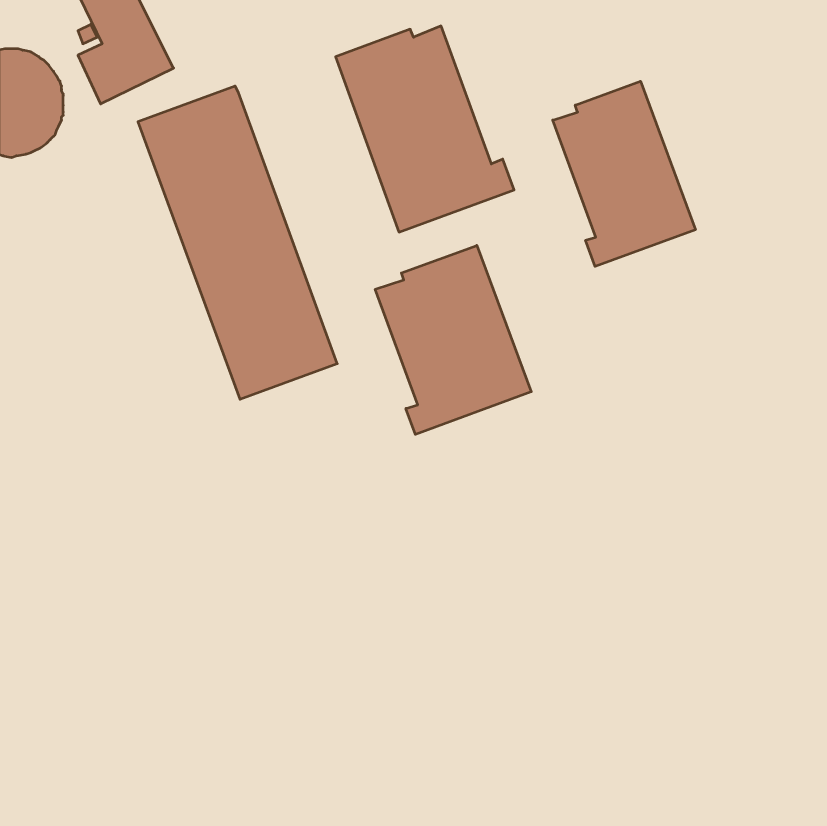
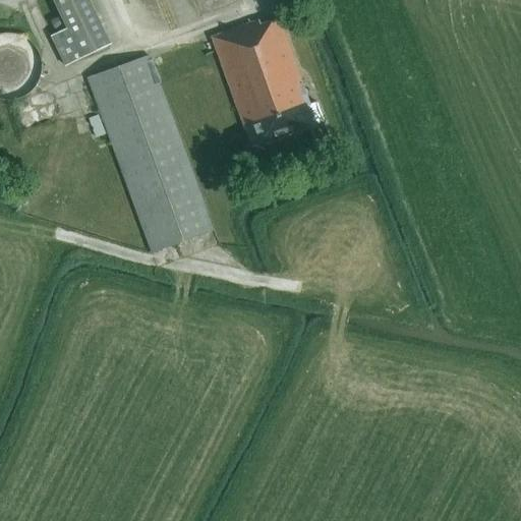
building: [553,81,695,266] -> none
building: [375,245,531,434] -> none

